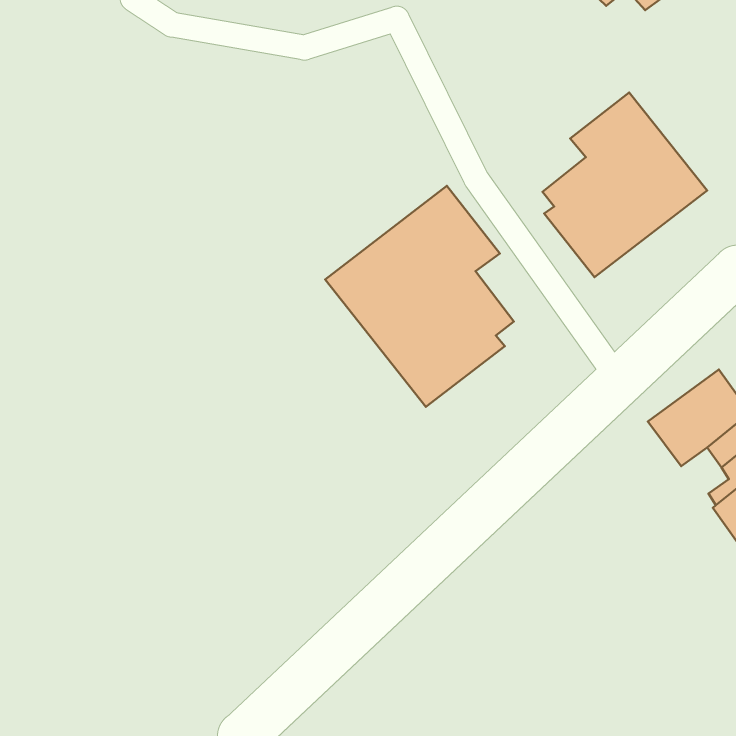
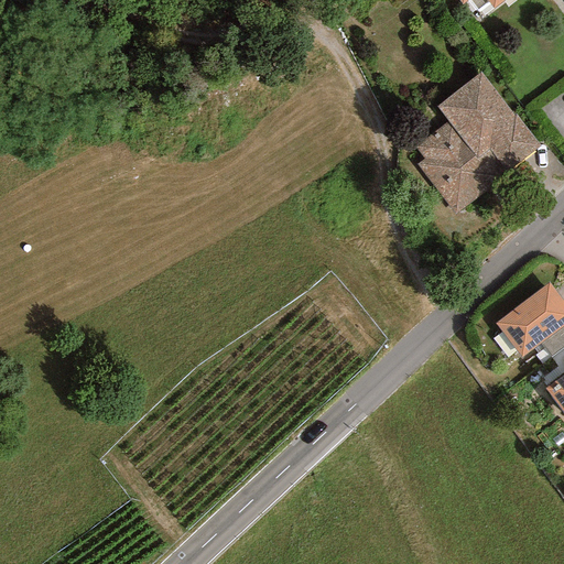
building: [325,186,514,407] -> none

